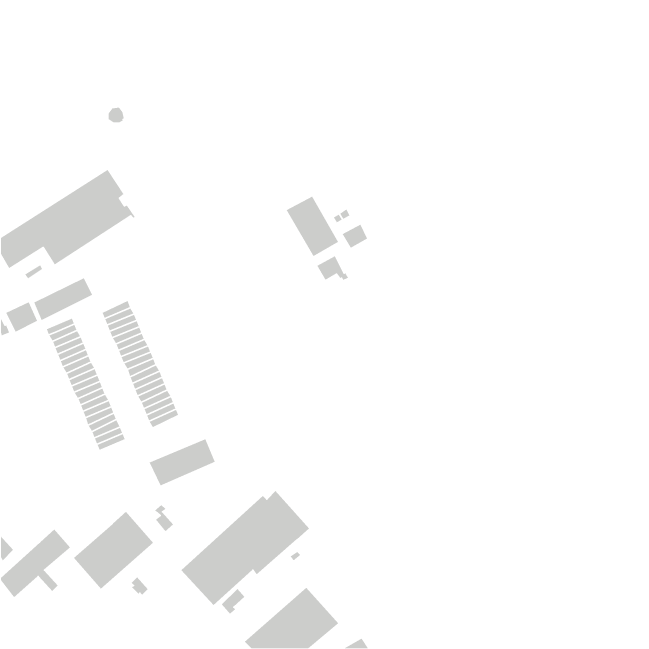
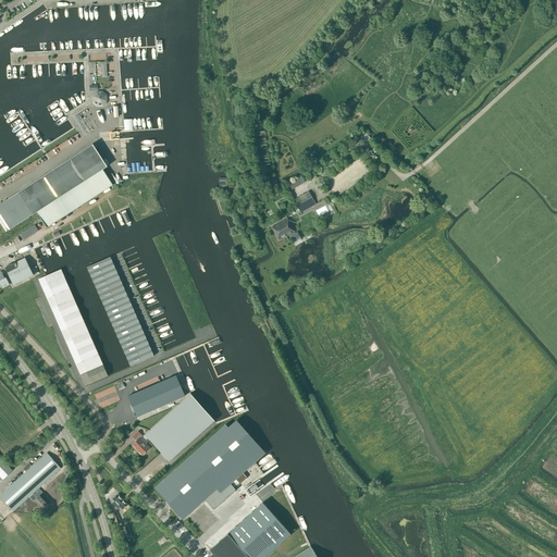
building: [286,195,339,257] -> none
building: [33,277,93,321] -> none
building: [73,511,154,590] -> [145,394,214,461]

